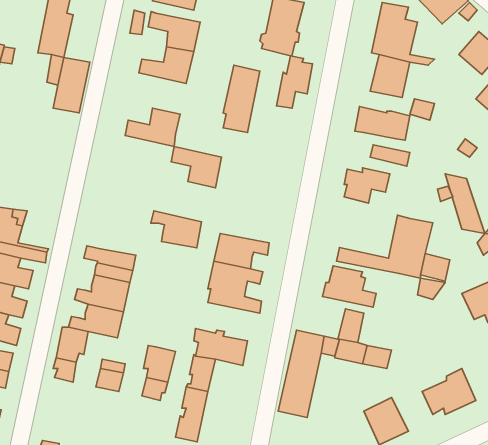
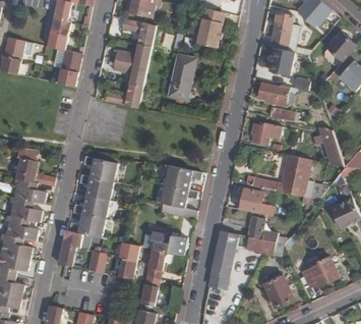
building: [276,56,313,108] -> none
building: [171,146,222,188] -> [113,59,146,87]
building: [151,211,201,248] -> [82,156,116,180]

